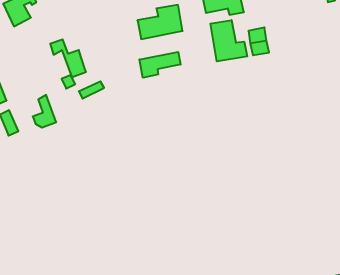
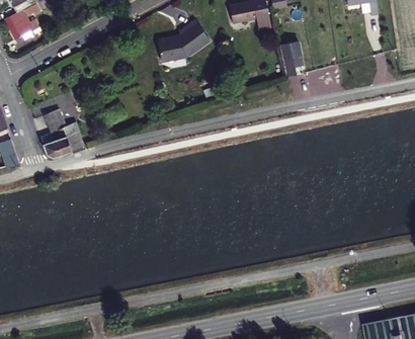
building: [210,20,247,61] -> none
building: [50,39,86,77] -> [40,107,81,150]
building: [139,52,181,78] -> none

